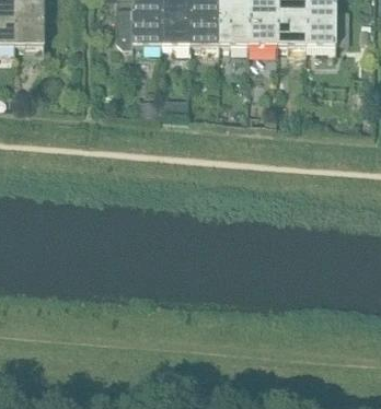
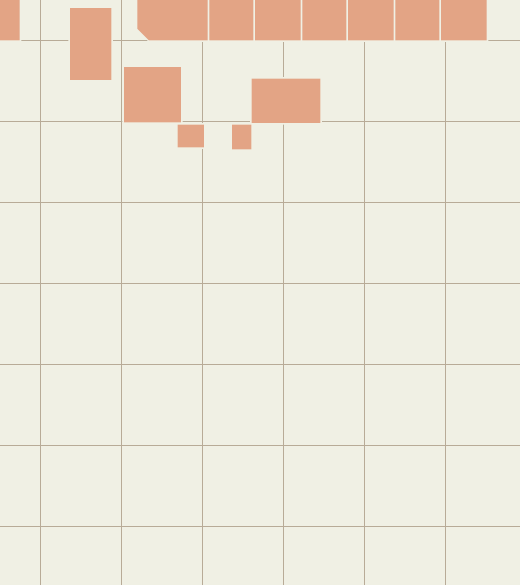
building: none -> [69,7,112,81]
building: none -> [123,66,182,123]
building: none -> [251,78,321,124]

